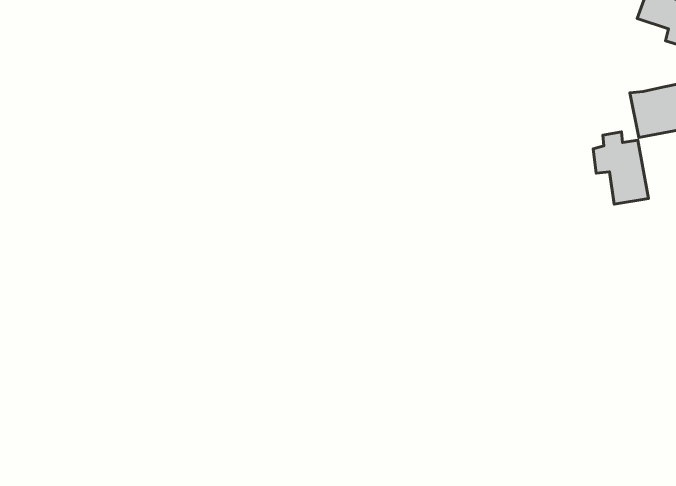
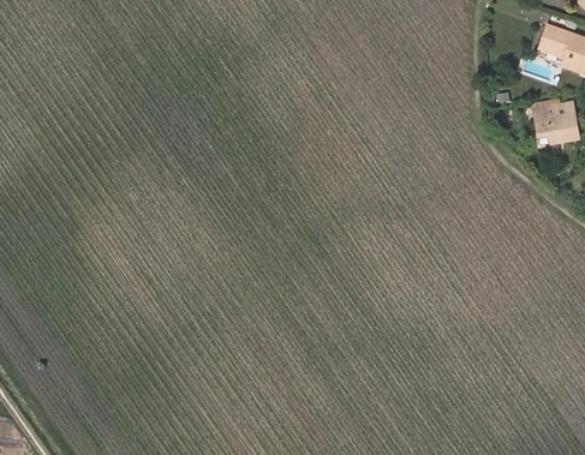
building: [593,132,649,204] -> none

